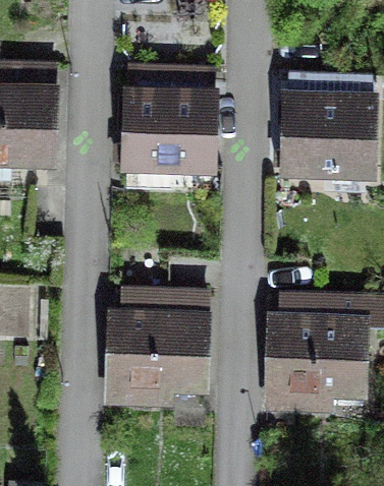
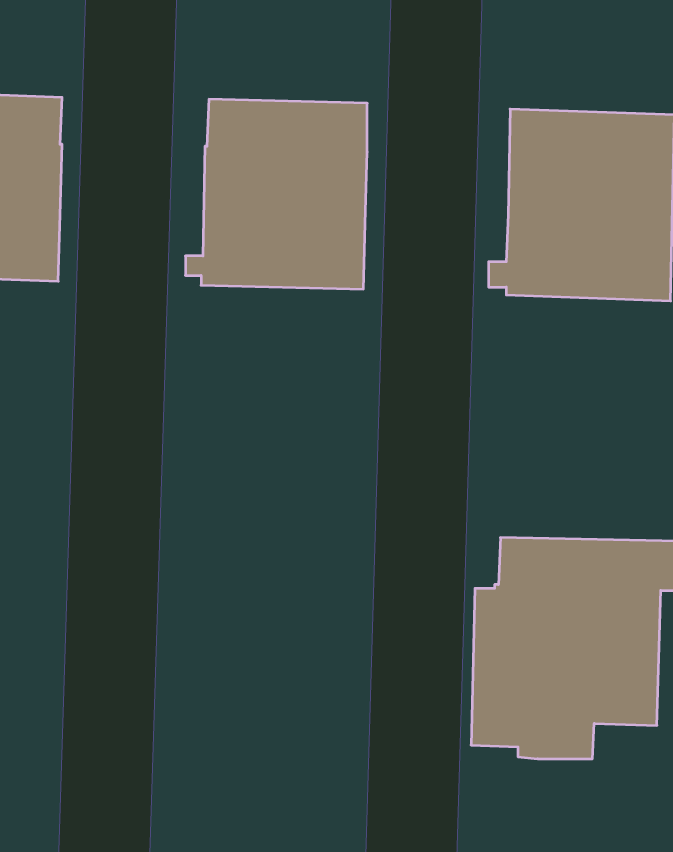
building: [108,294,206,409] -> none

